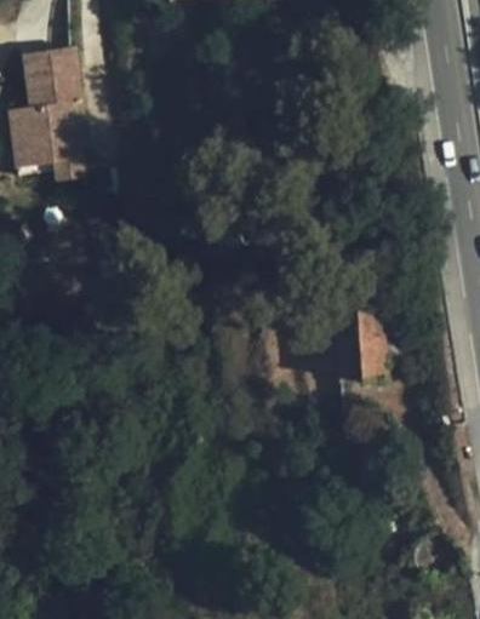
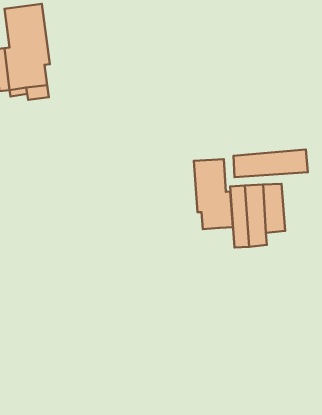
building: none -> [234,150,308,177]
building: none -> [194,159,233,229]

